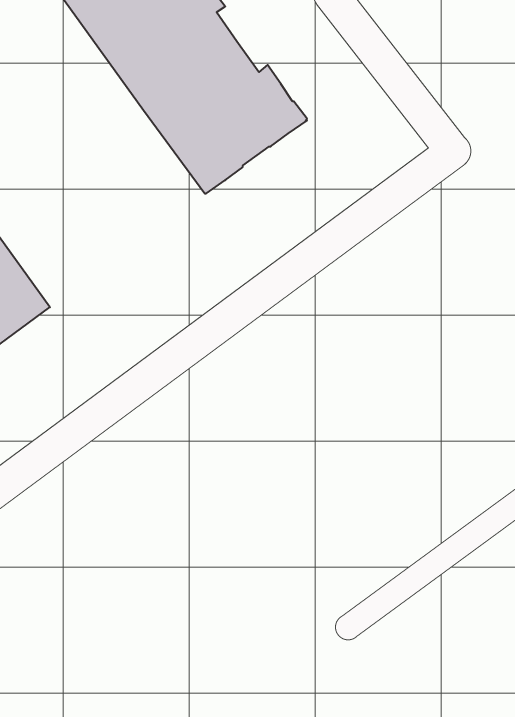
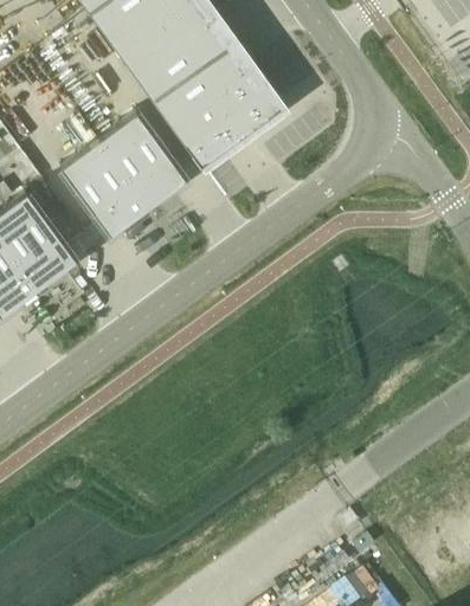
building: none -> [63,112,188,237]

